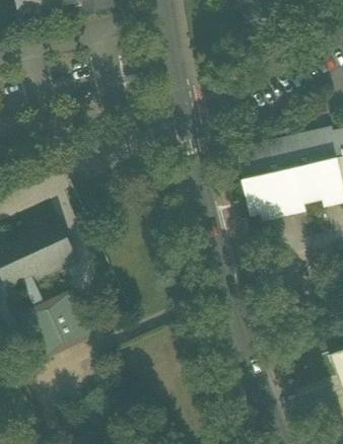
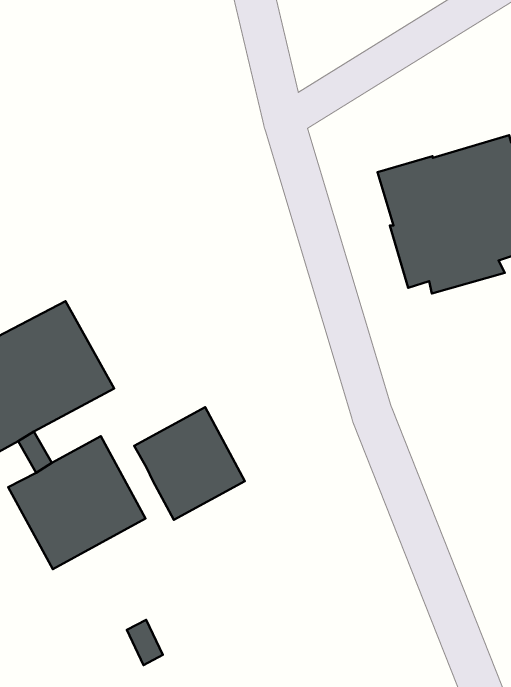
building: none -> [134,407,245,520]

